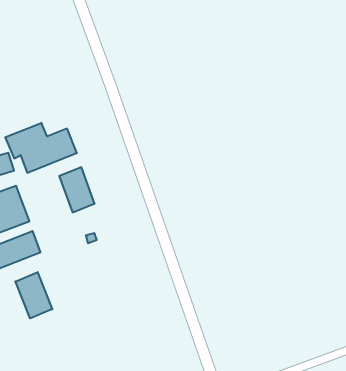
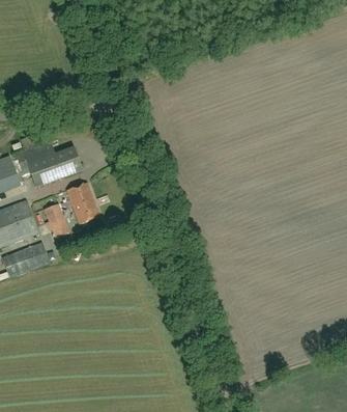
building: none -> [42,203,68,238]
building: [15,272,52,318] -> none

